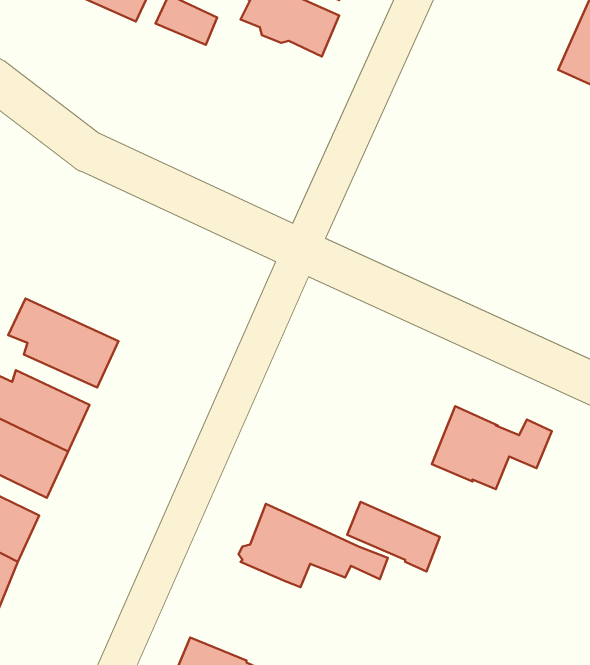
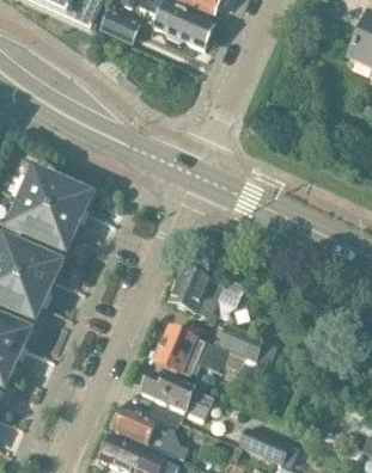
building: none -> [20,174,91,223]
building: [432,406,552,489] -> [169,265,243,317]
building: none -> [140,369,212,418]

